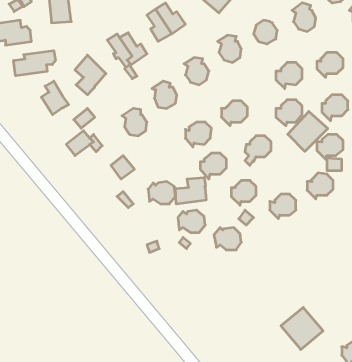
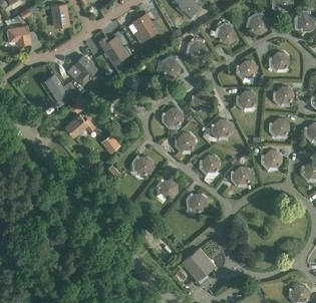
building: [14,51,55,76] -> none
building: [288,111,328,151] -> none
building: [176,177,206,204] -> none
building: [281,307,323,350] -> [181,247,215,281]

